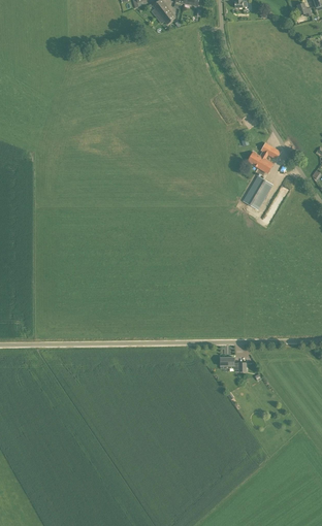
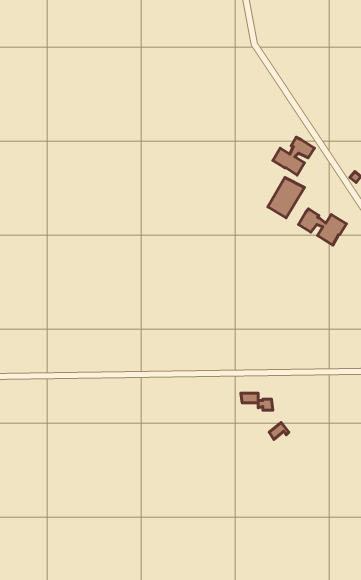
building: none -> [298,209,346,245]

